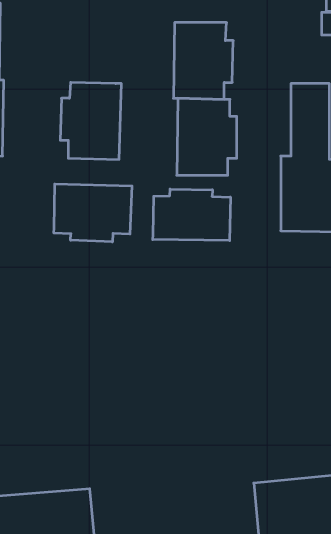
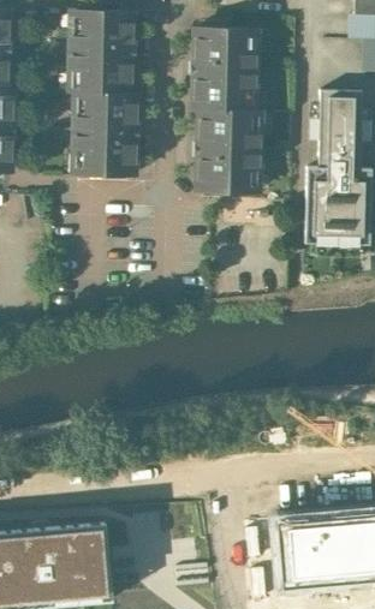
building: none -> [69,12,133,95]
building: [54,184,132,242] -> none
building: [153,189,230,241] -> none

